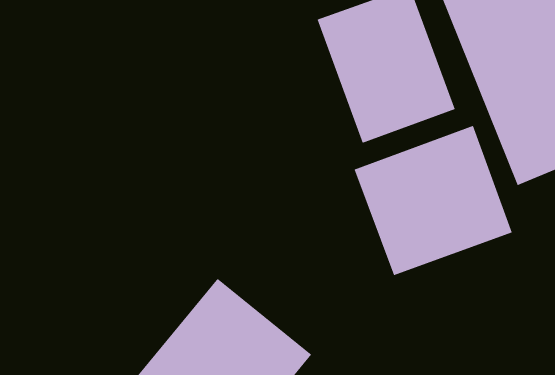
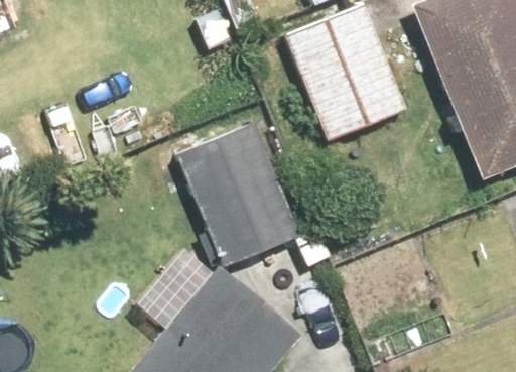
building: none -> [194,125,311,256]
building: [353,125,513,276] -> none

